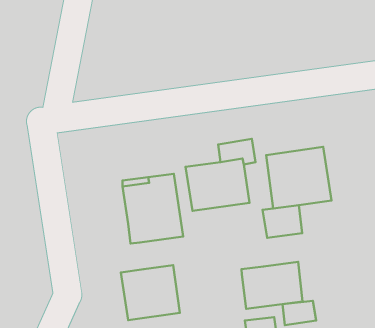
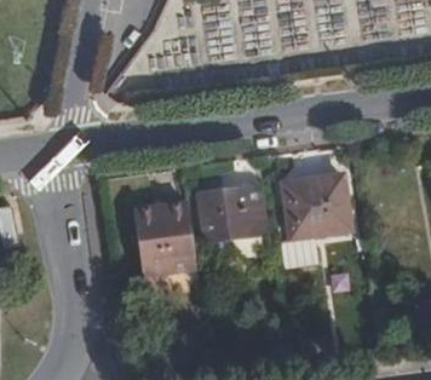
building: [242,262,303,309] -> none
building: [121,265,180,320] -> none

